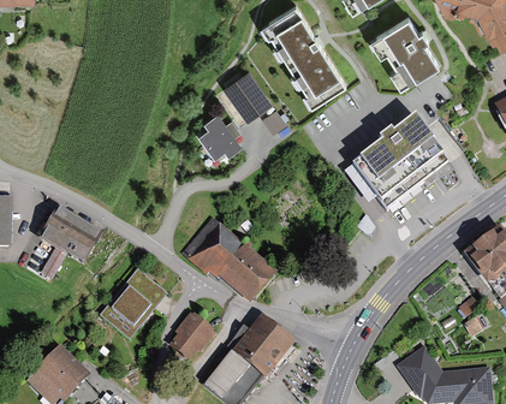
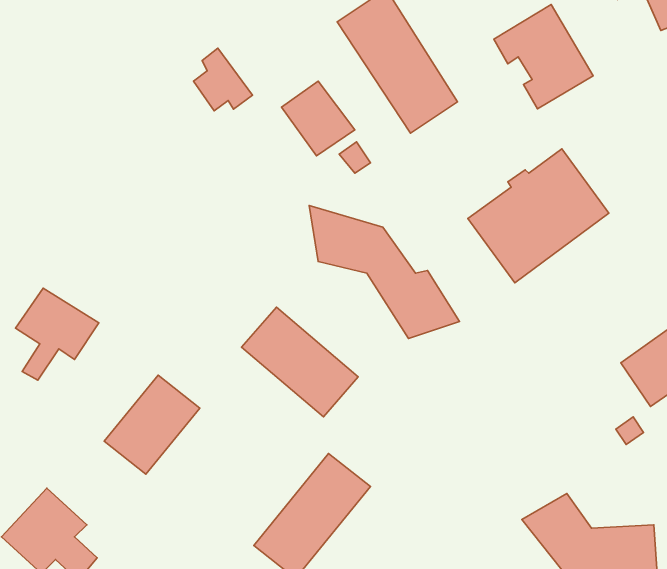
building: [202,109,243,153] -> [193,48,253,111]
building: none -> [309,205,459,338]
building: [174,311,215,354] -> none

